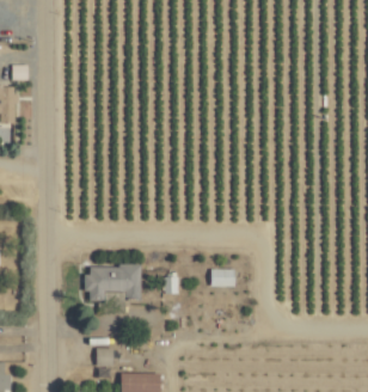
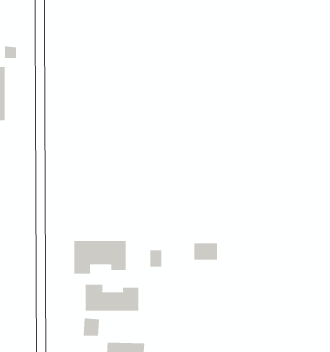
building: none -> [85,284,139,311]

